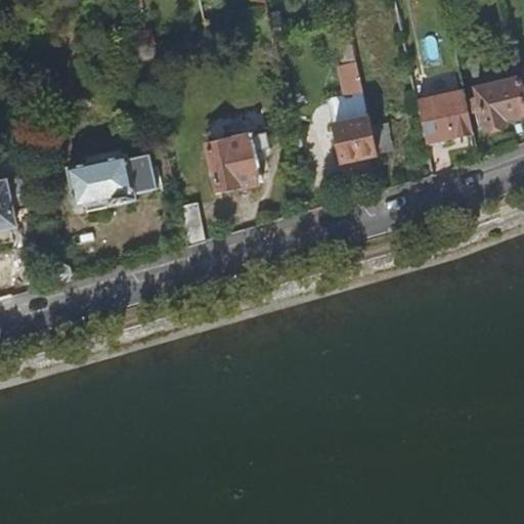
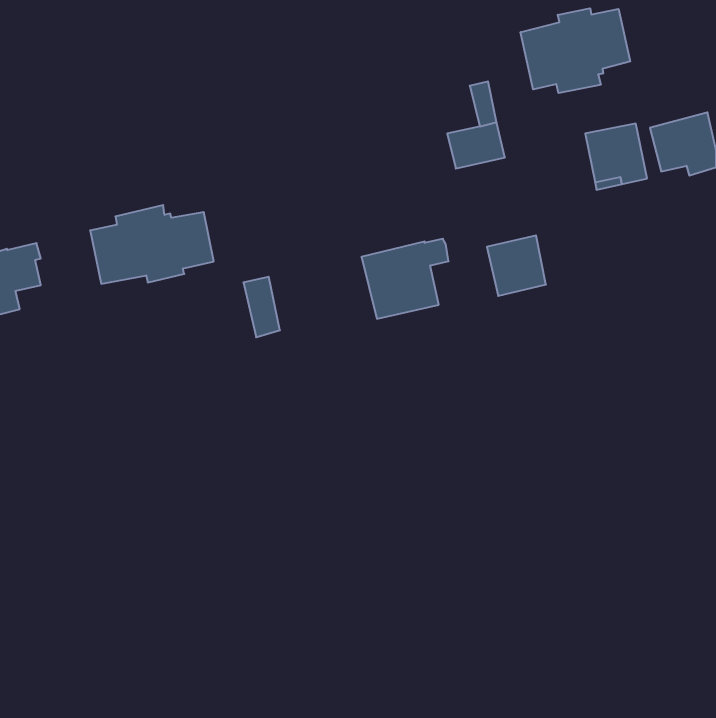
building: none -> [521,8,630,93]
building: [332,115,375,159] -> [487,235,546,296]
building: [204,132,267,190] -> [361,239,449,319]

